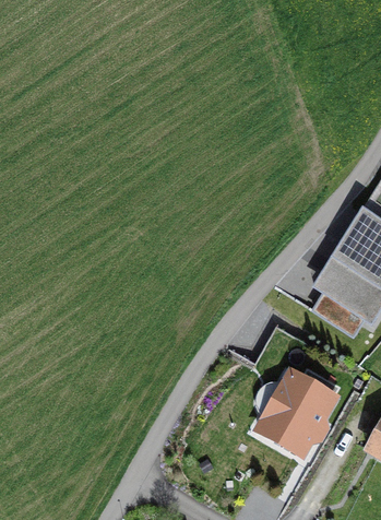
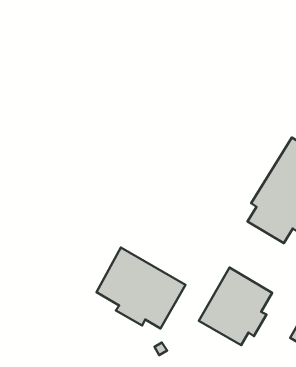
building: none -> [96,248,186,328]

